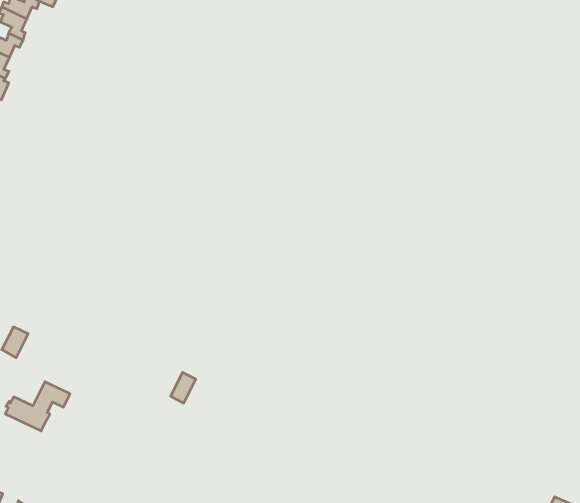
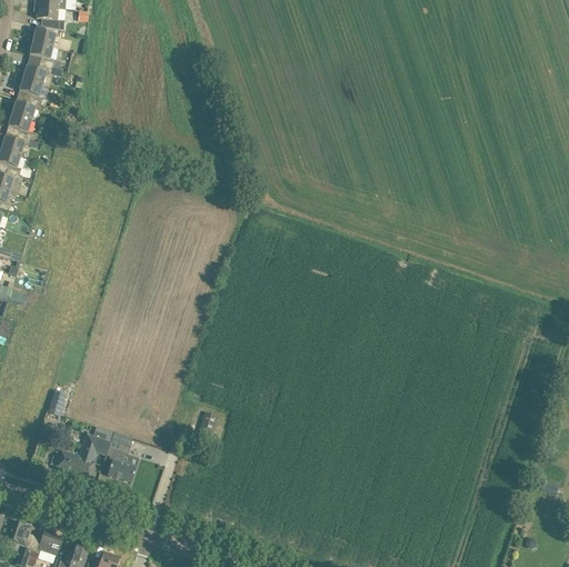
building: none -> [106,431,134,483]

